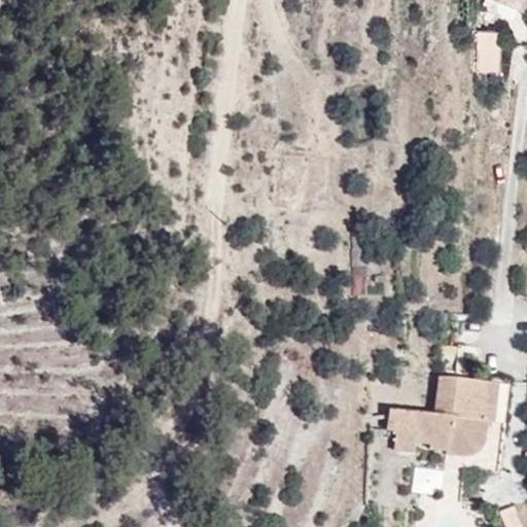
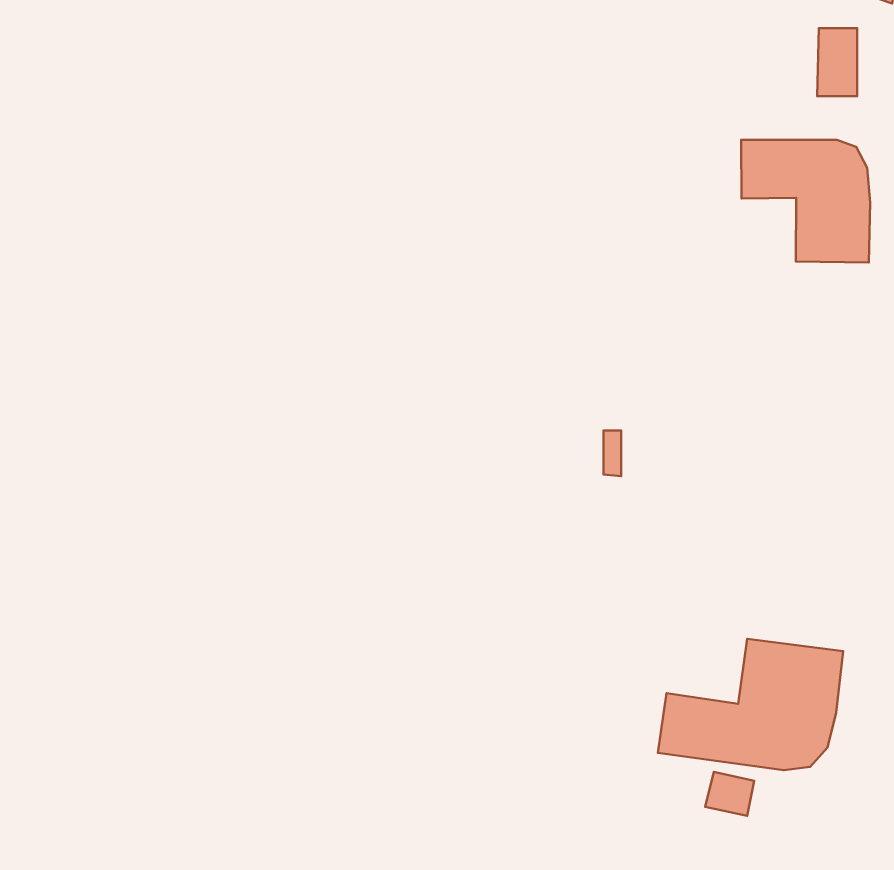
building: none -> [741,140,870,263]

